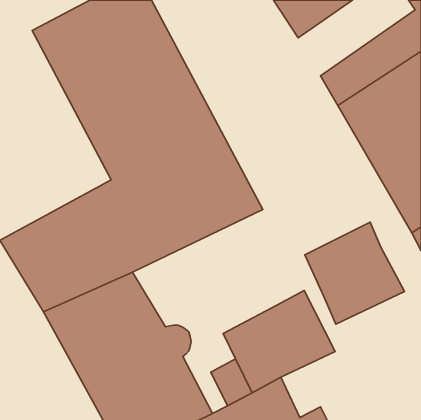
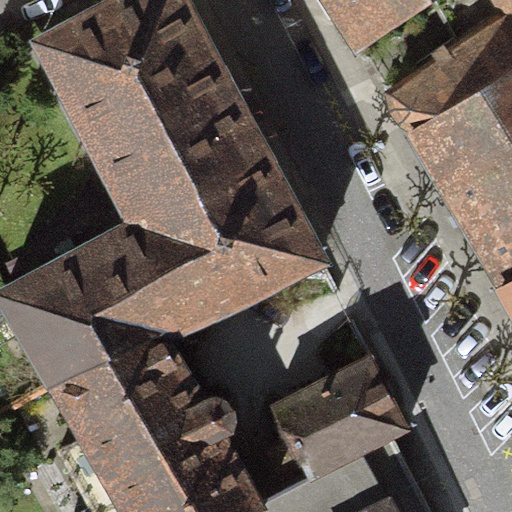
building: [305,222,404,324] -> none

